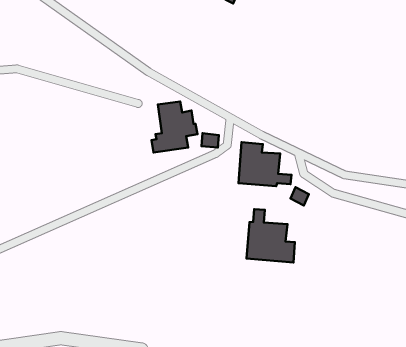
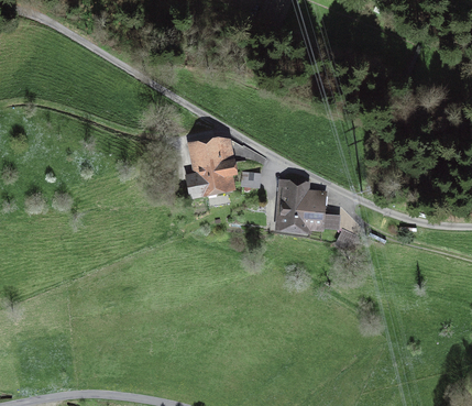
building: [247,209,295,263] -> none

